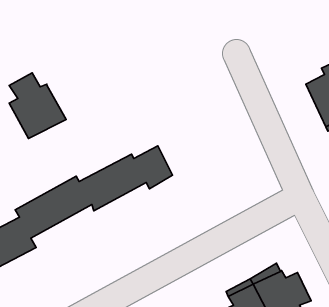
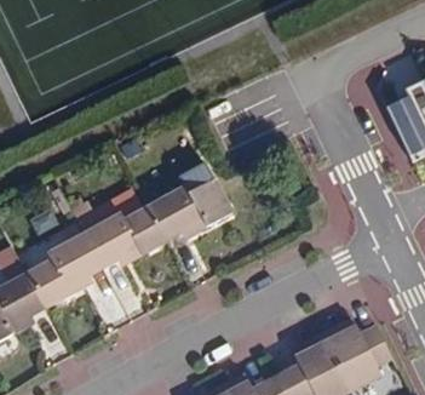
building: [9,73,66,139] -> none

